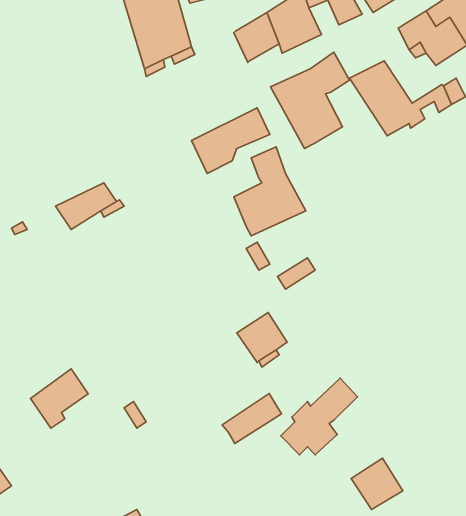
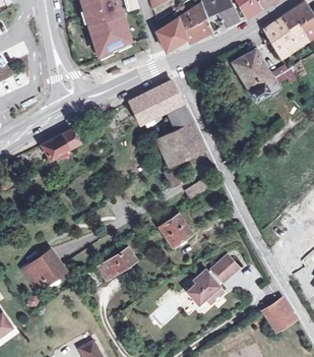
building: [270,52,350,148] -> none
building: [222,393,282,443] -> [98,246,136,279]
building: [351,458,403,510] -> [262,296,296,330]

